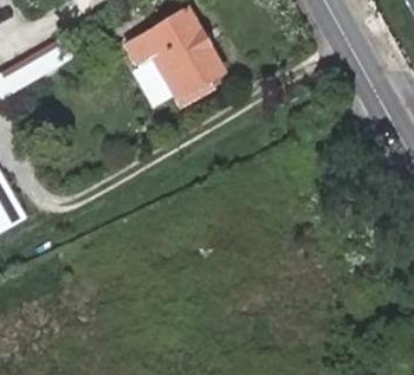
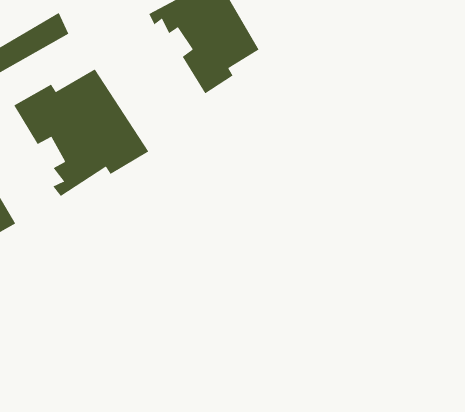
building: none -> [13,68,149,197]

